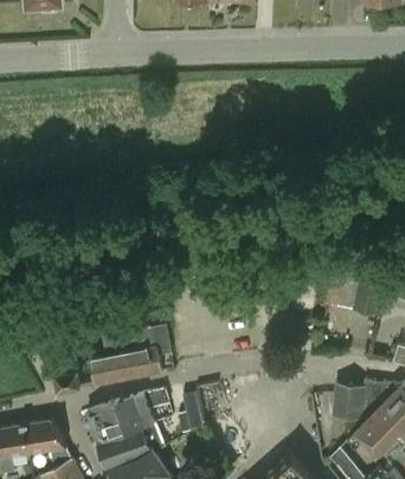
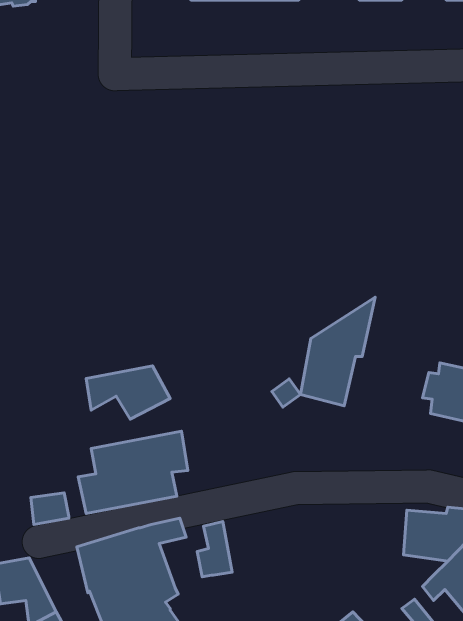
building: none -> [300,297,375,406]
building: none -> [86,366,170,419]

